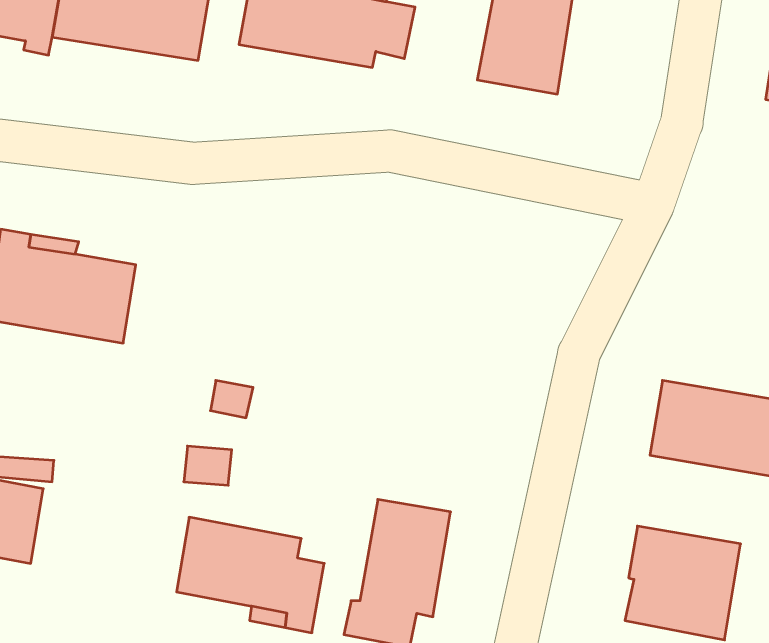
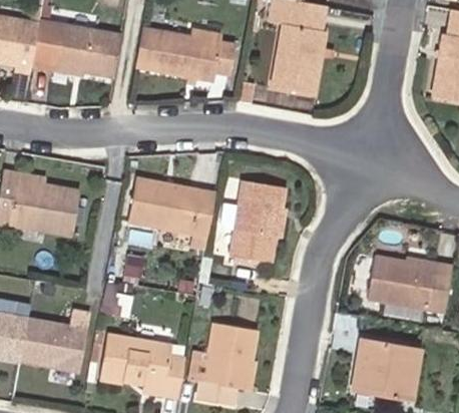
building: none -> [130,179,214,237]
building: none -> [231,180,284,262]
building: none -> [19,318,85,371]

